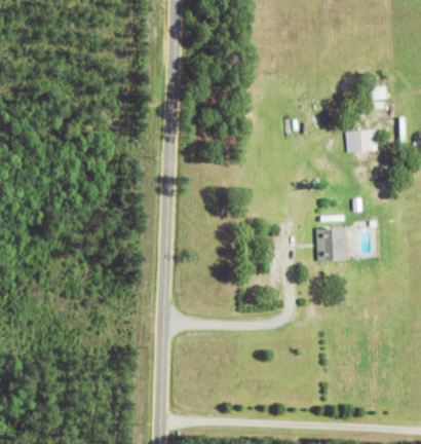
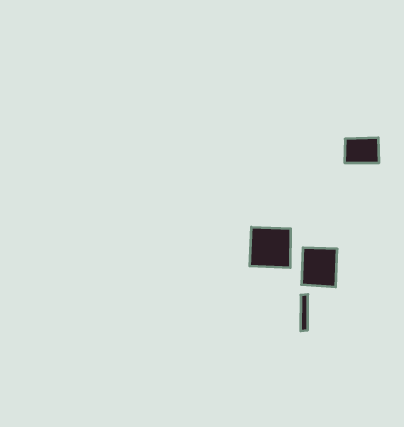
building: none -> [250,227,291,268]

